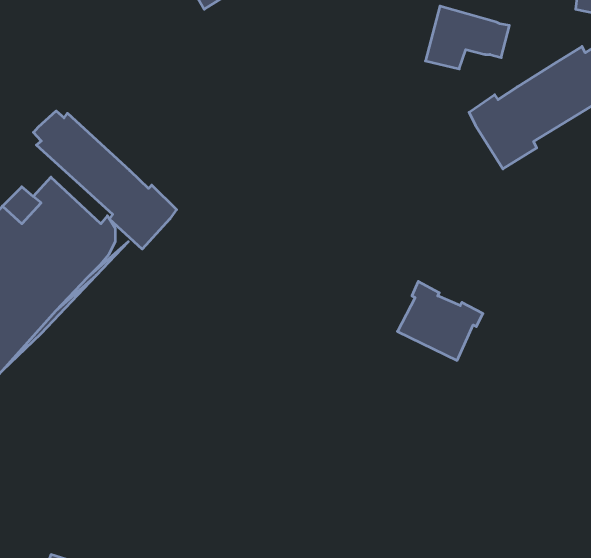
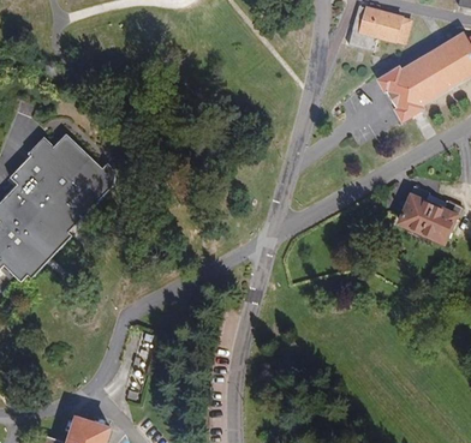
building: [33,111,177,249] -> none
building: [397,281,483,360] -> [395,178,459,237]

